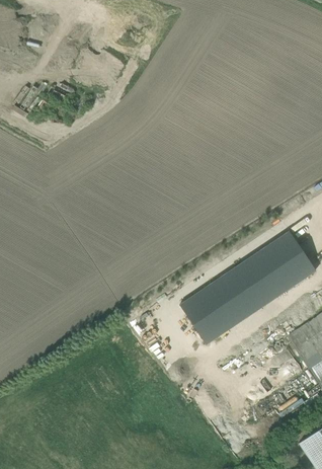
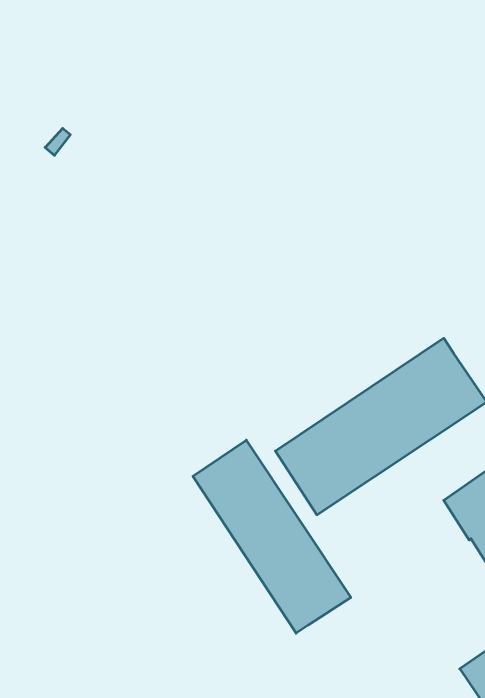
building: none -> [193,440,351,633]

